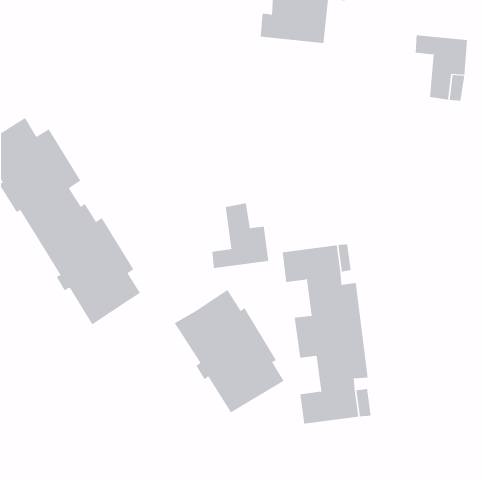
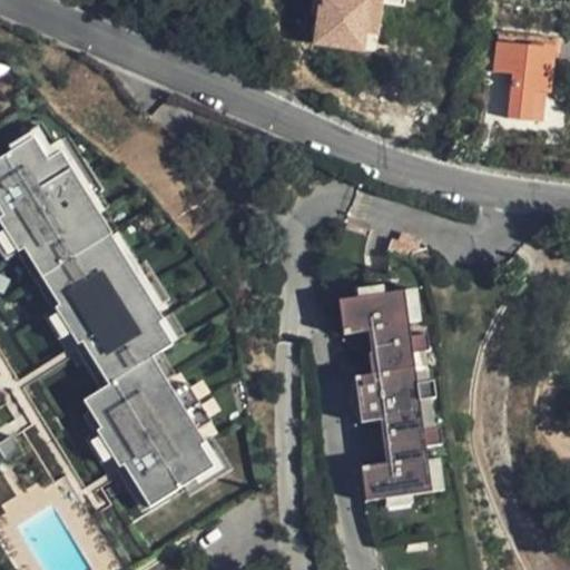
building: [212,202,269,269] -> none
building: [174,289,284,413] -> [83,357,214,503]

